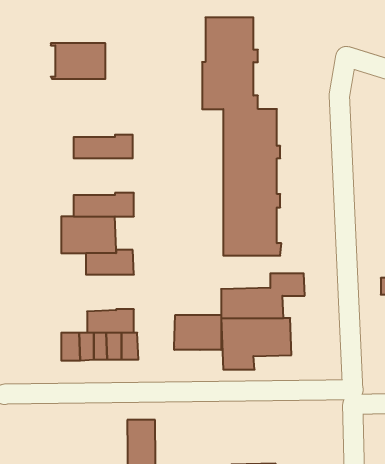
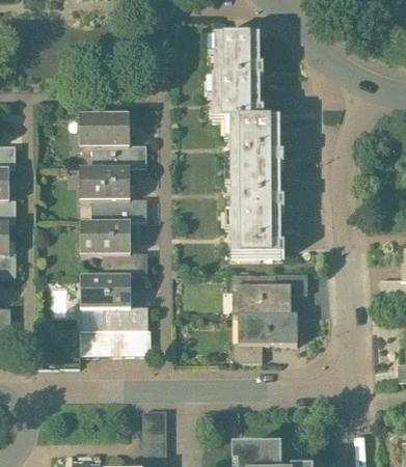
building: [51,43,105,79] -> [79,113,130,146]
building: none -> [80,166,130,200]
building: none -> [80,274,131,308]
building: [174,315,221,350] -> none

